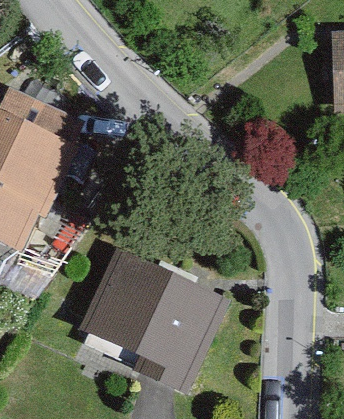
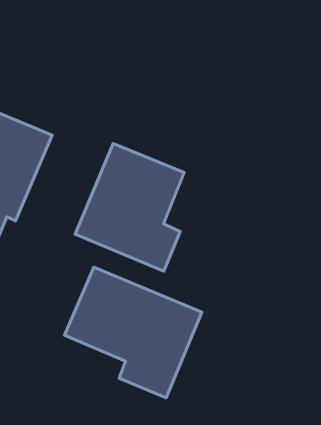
building: none -> [75,144,184,271]

